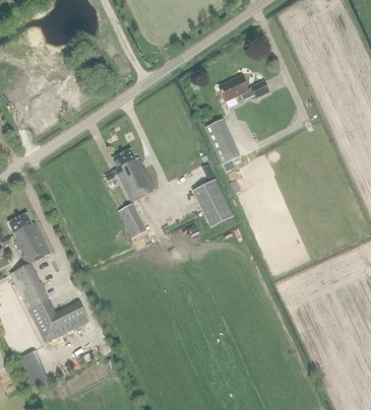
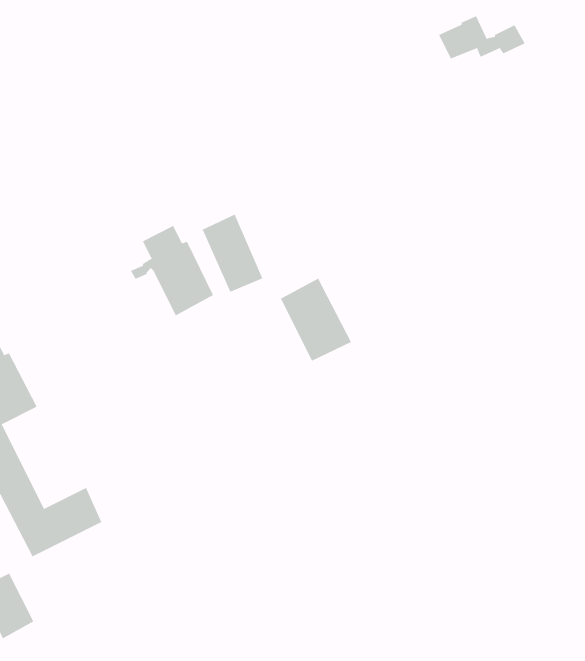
building: [219,75,269,100] -> [438,16,525,59]
building: [204,119,240,164] -> [202,214,263,292]
building: [118,203,146,237] -> none

